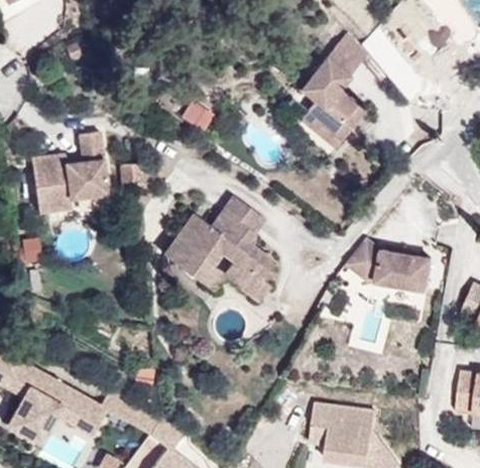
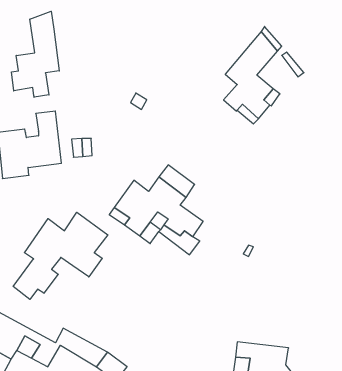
building: none -> [12,11,59,97]
building: [347,239,431,290] -> none
building: none -> [13,212,108,299]

